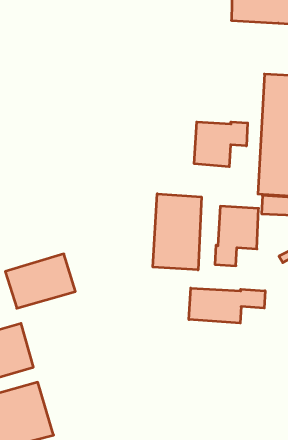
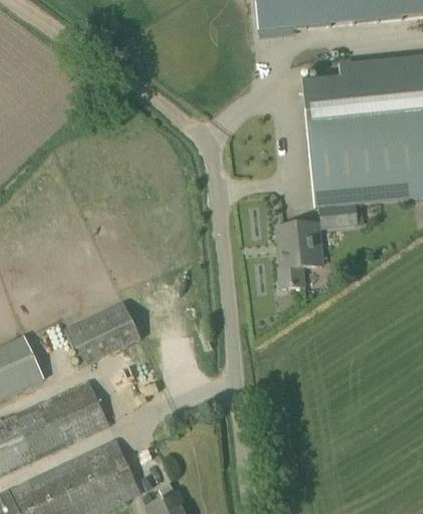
building: [194,122,248,167] -> none
building: [153,194,201,270] -> none
building: [189,288,265,323] -> none

